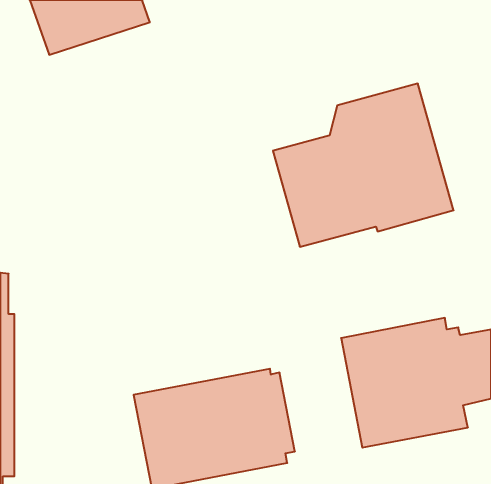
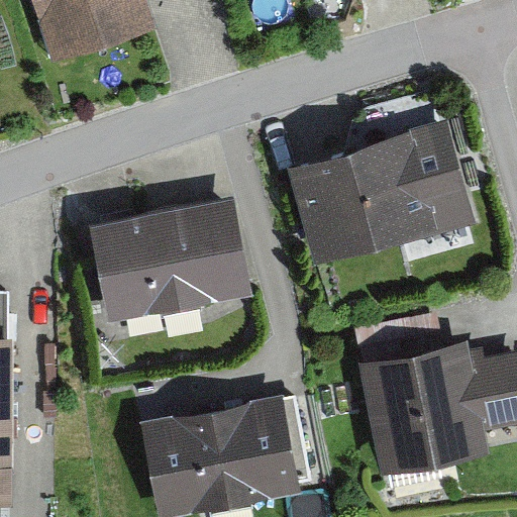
building: none -> [89,197,253,324]

